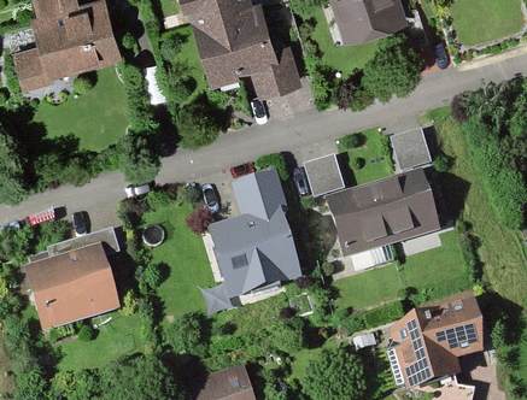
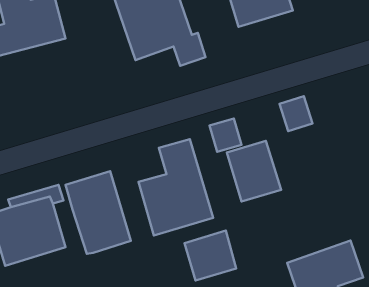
building: [369,166,437,241] -> none
building: none -> [65,171,131,254]
building: none -> [185,231,236,281]

